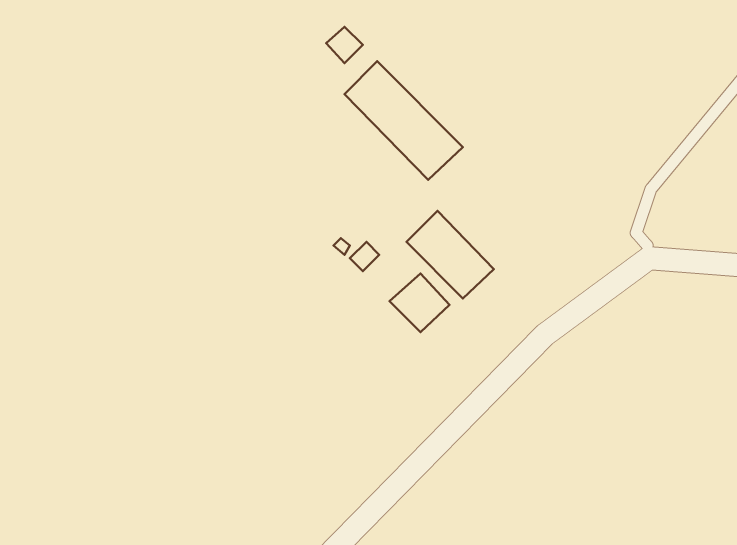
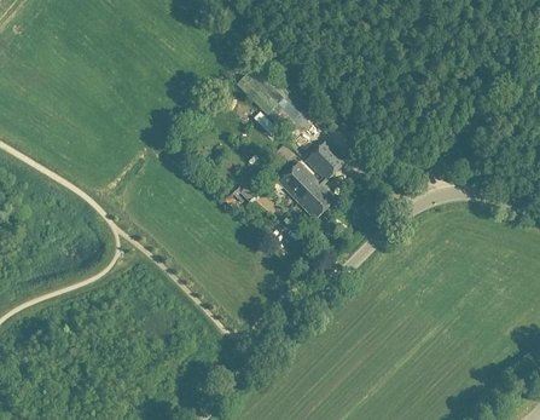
building: [389,274,450,332] -> [304,142,344,180]

